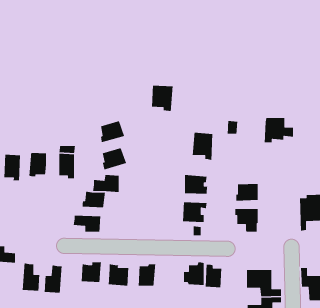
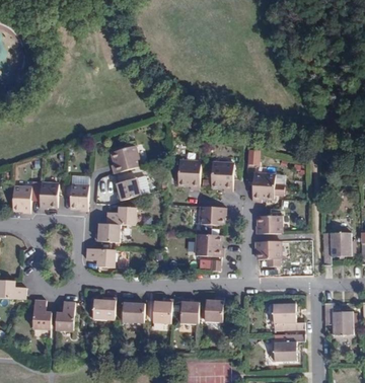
building: [151,85,173,112] -> [178,160,202,188]
building: [264,117,294,143] -> [252,174,284,202]
building: [205,264,222,288] -> [181,298,200,323]

